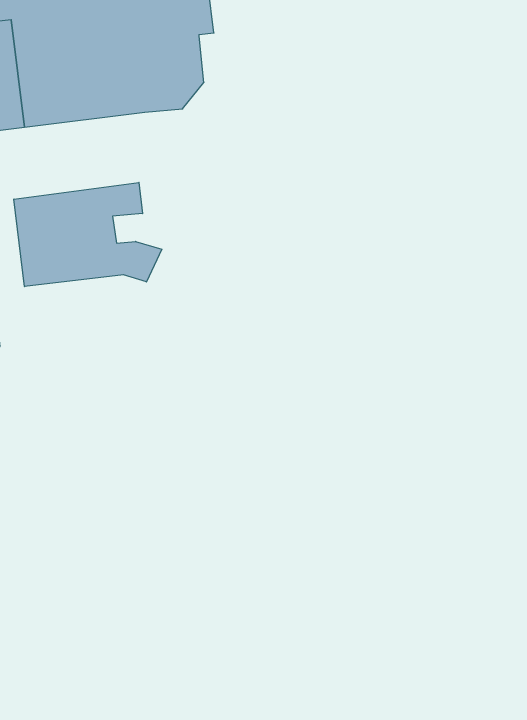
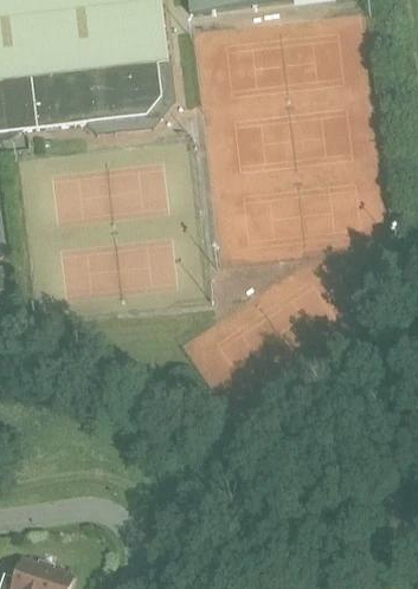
building: [14,182,162,287] -> none

